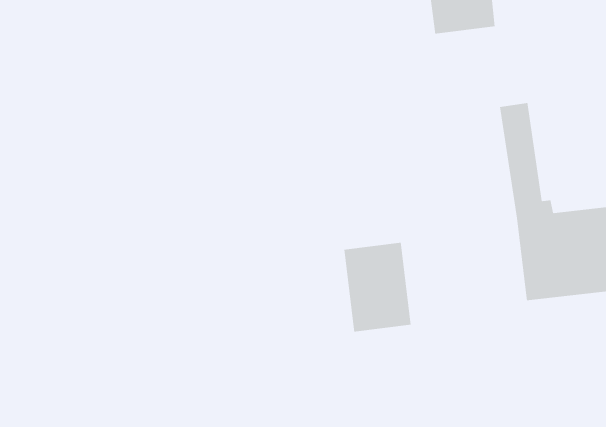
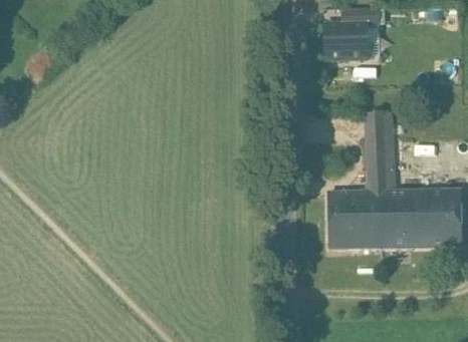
building: [344,242,411,332] -> [329,190,371,248]

